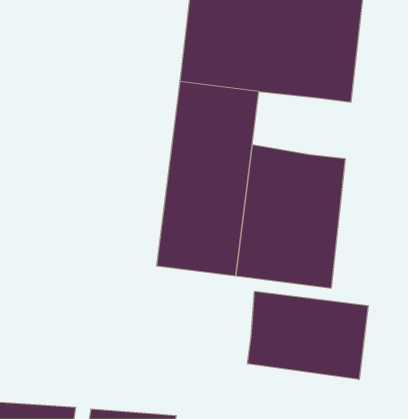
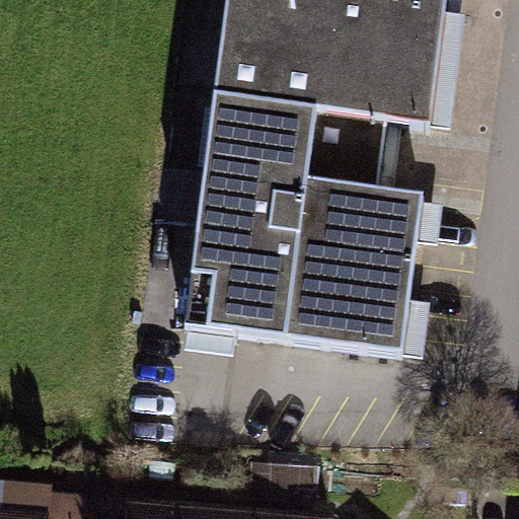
building: none -> [310,113,390,191]
building: [247,291,368,380] -> none

